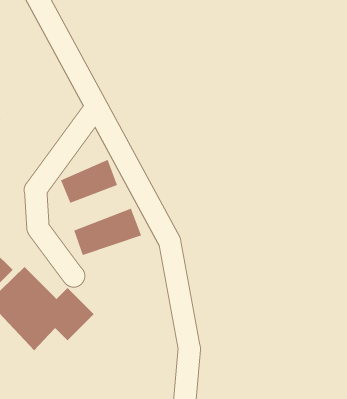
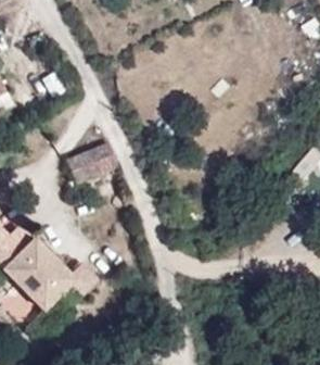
building: [74,208,142,256] -> none

